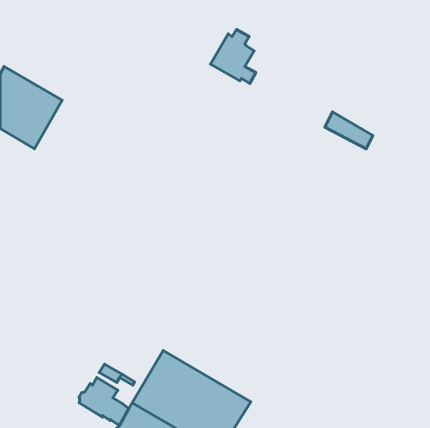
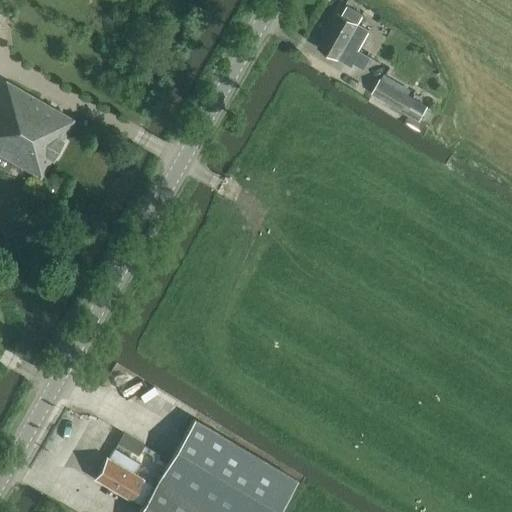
building: [210,30,256,83] -> [317,8,371,72]
building: [325,112,373,149] -> [371,79,428,123]

